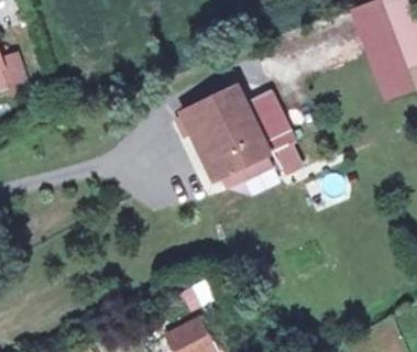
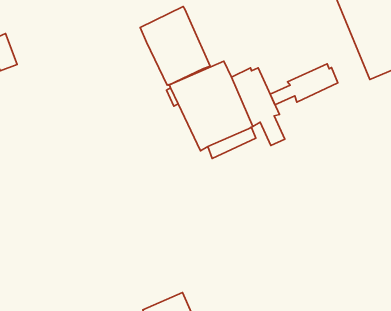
building: none -> [140,7,210,85]
building: none -> [270,64,338,105]

